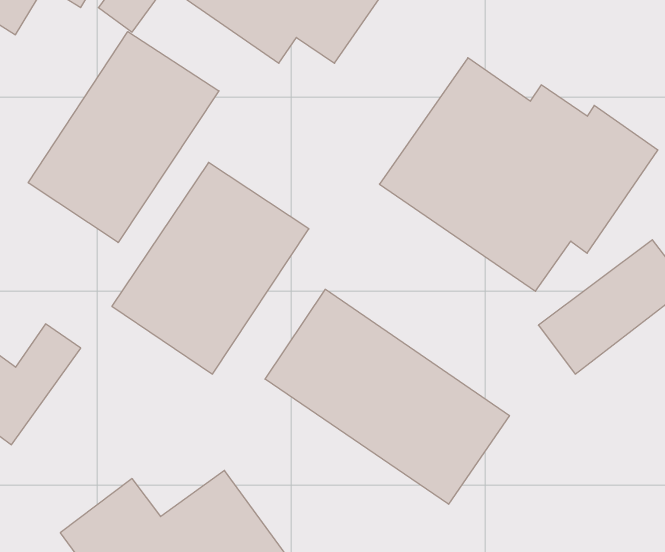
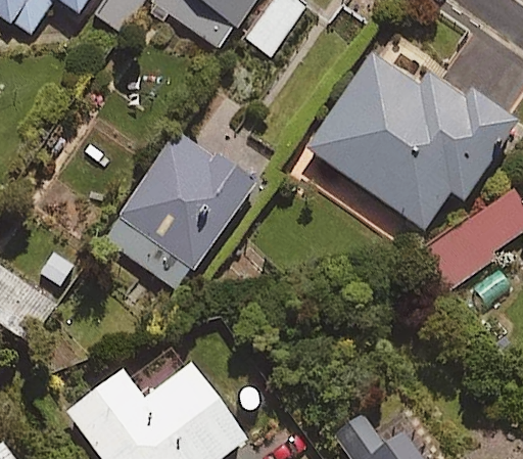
building: [28,32,219,243] -> none
building: [265,289,509,504] -> none

